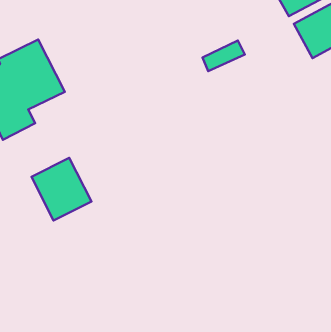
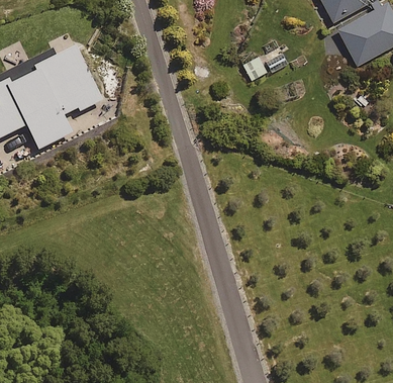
building: [31,158,91,220] -> none

